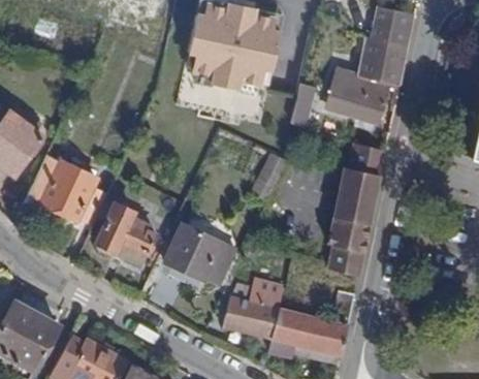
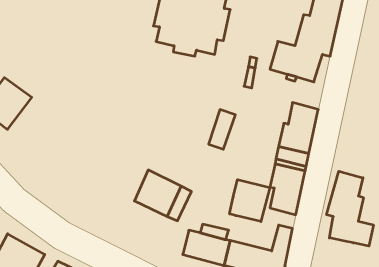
building: [23,155,106,224] -> none
building: [96,203,158,264] -> none
building: none -> [327,171,373,246]
building: none -> [230,180,270,222]

